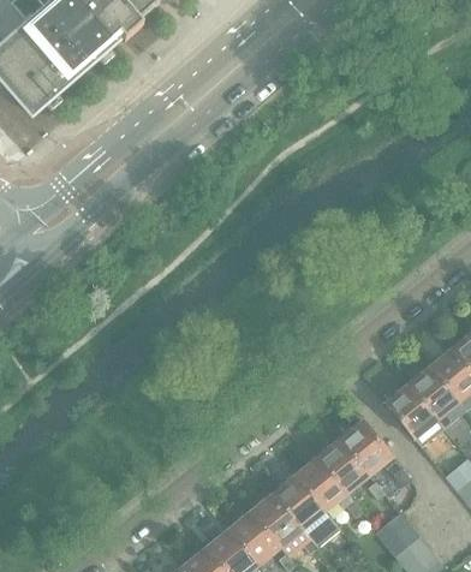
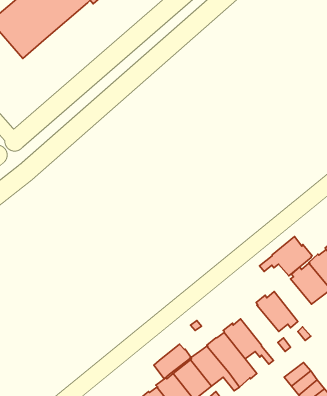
building: none -> [259,236,312,276]
building: [318,439,369,491] -> none
building: none -> [154,344,191,379]

